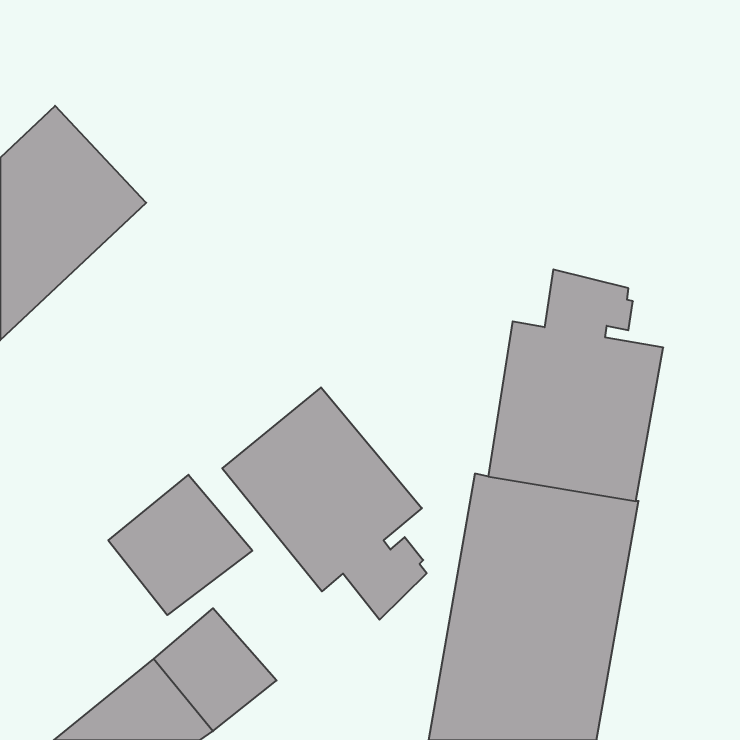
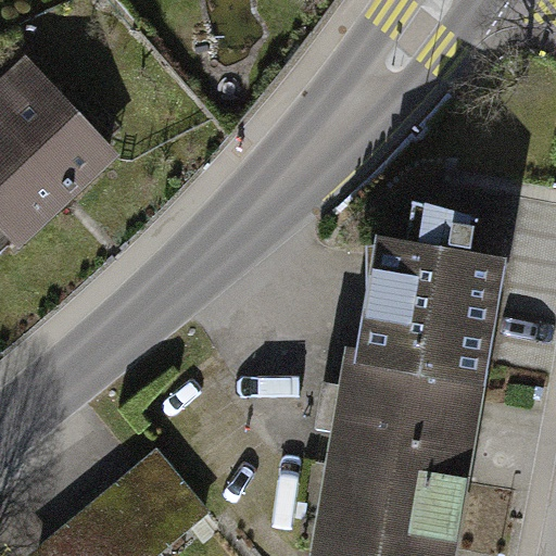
building: [222,387,427,620] -> none
building: [108,475,252,615] -> none

